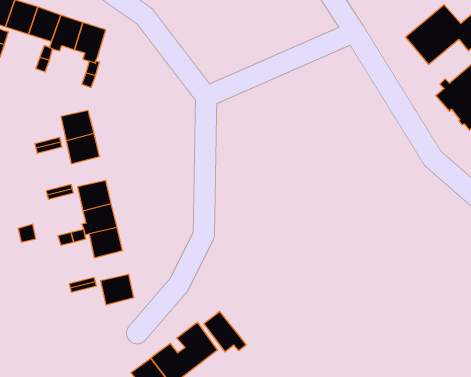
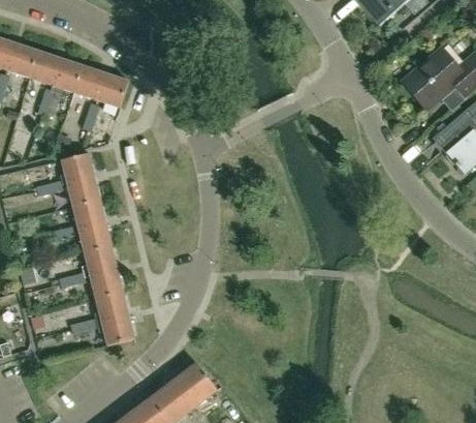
building: none -> [97,73,128,108]
building: none -> [71,199,105,229]
building: none -> [94,292,128,322]
building: [204,311,246,352] -> none

